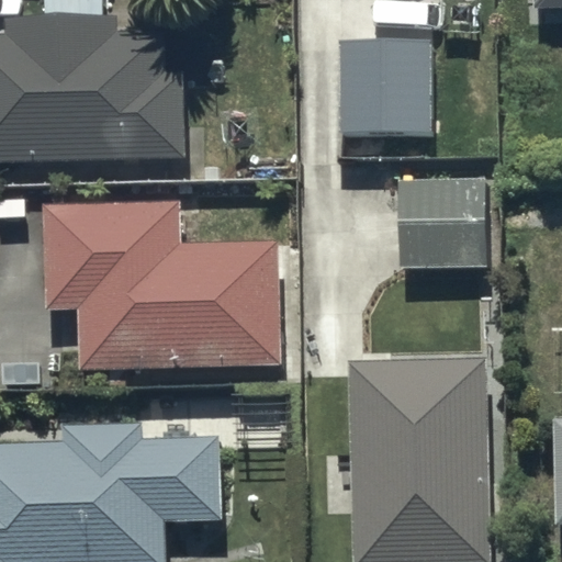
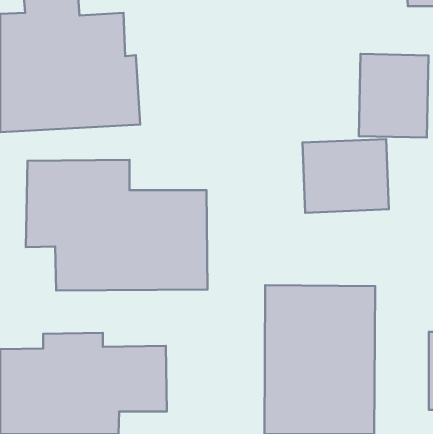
building: [337,40,431,130] -> none
building: none -> [359,54,429,138]

